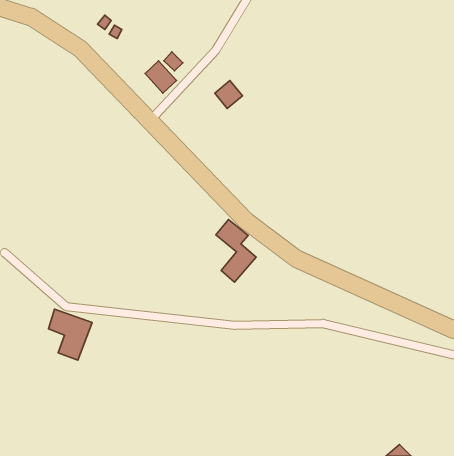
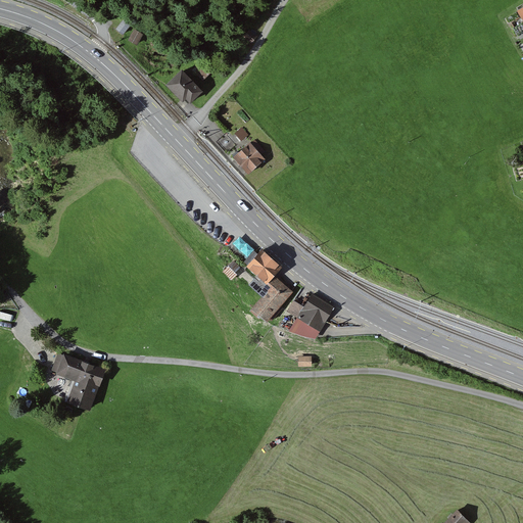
building: [215,81,242,108] -> [232,142,264,174]
building: none -> [283,292,332,337]

